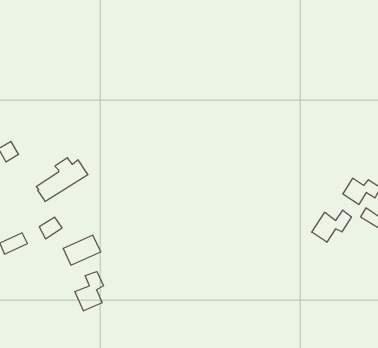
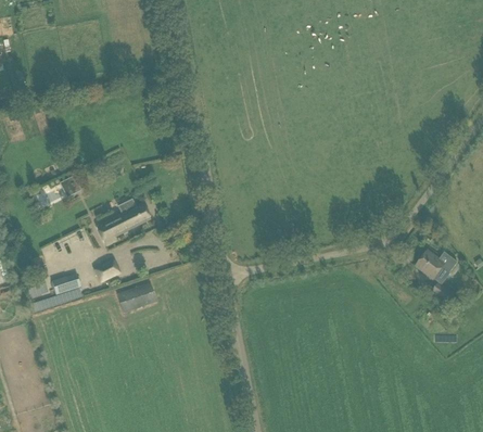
building: [312,210,351,242] -> none
building: [75,272,103,311] -> none

